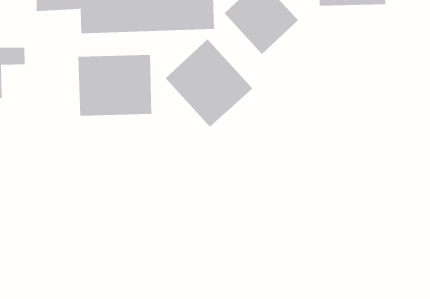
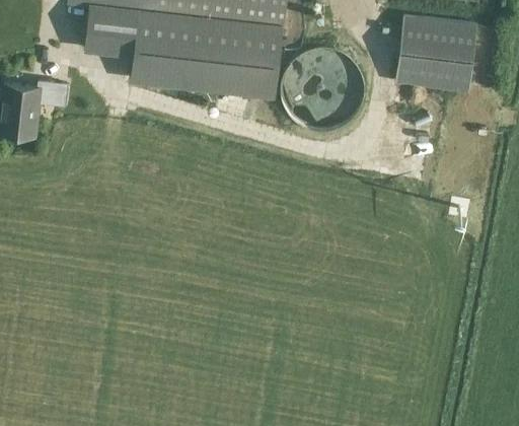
building: [165,39,253,127] -> none
building: [78,54,152,117] -> none

